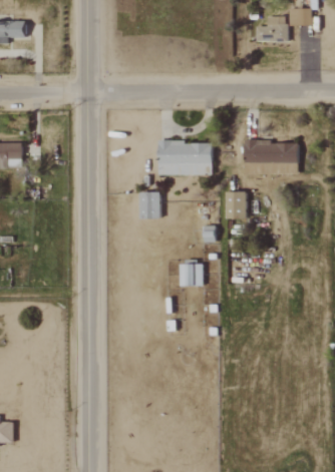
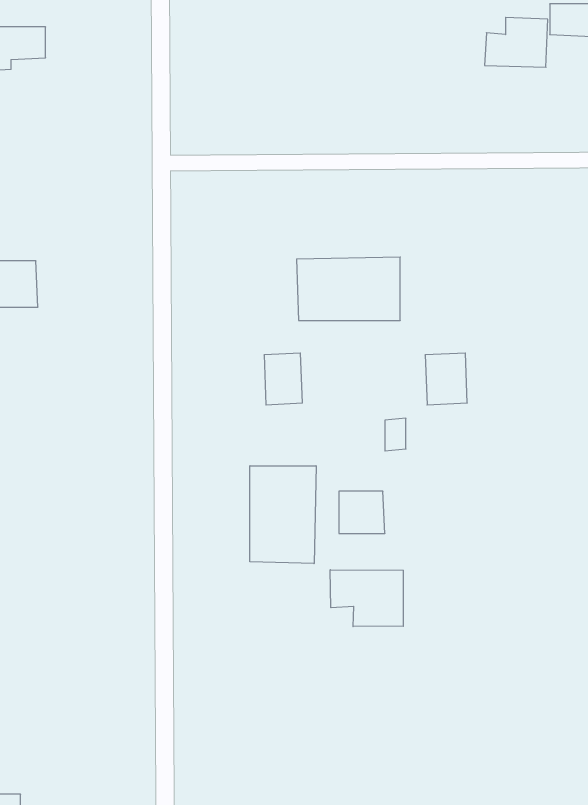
building: [244,141,299,174] -> none
building: none -> [250,466,316,564]
building: none -> [330,570,403,627]

